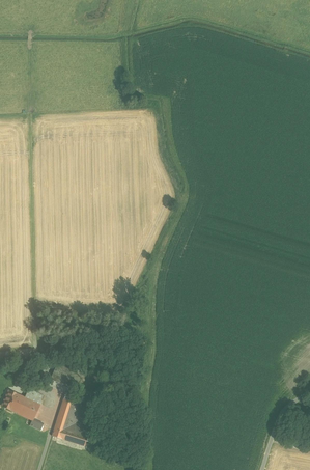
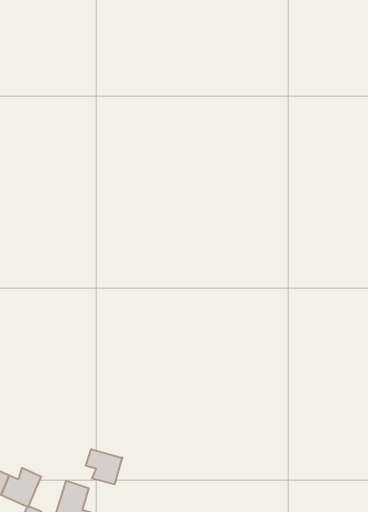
building: none -> [86,449,123,484]

